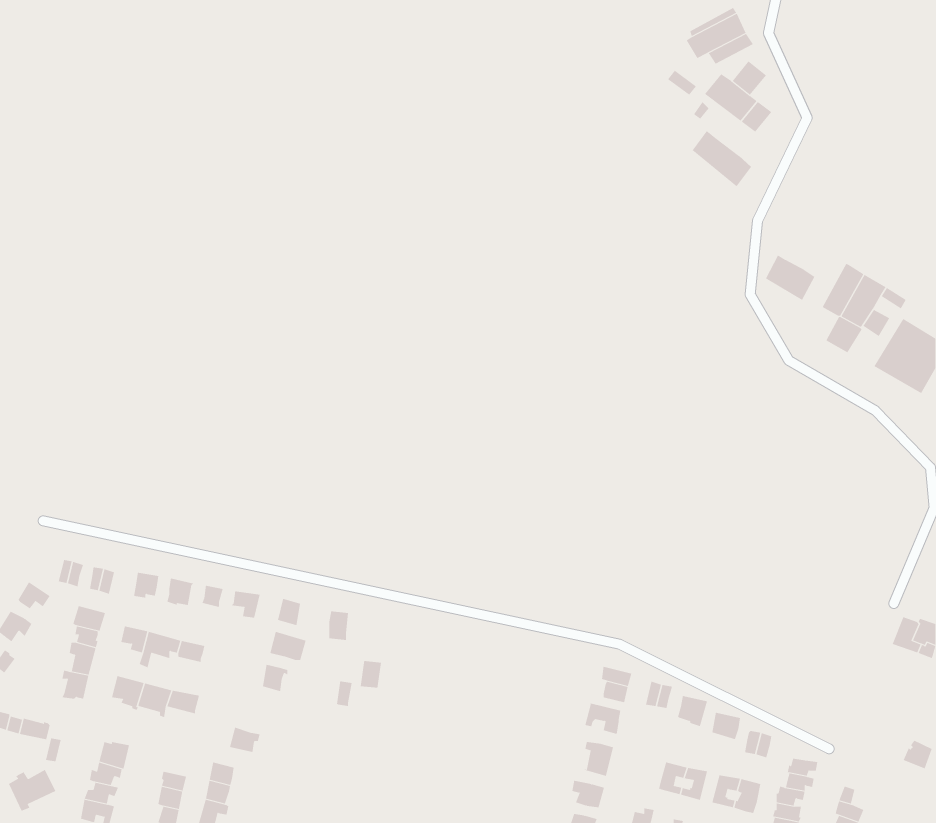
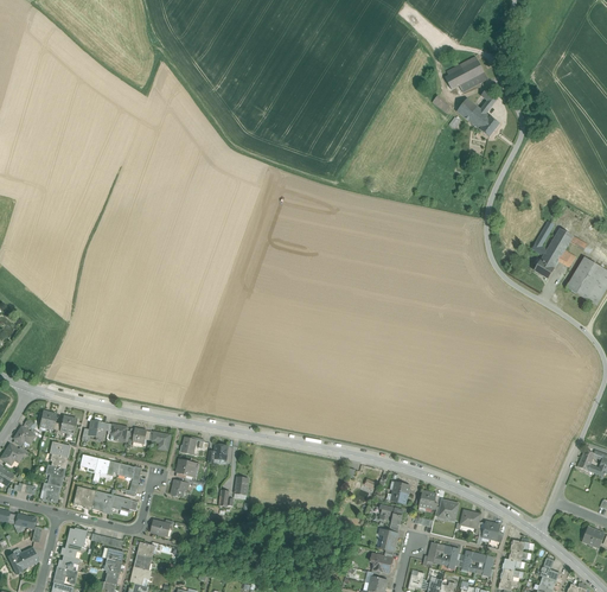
building: [692,130,752,187] -> none
building: [765,255,815,301] -> none

